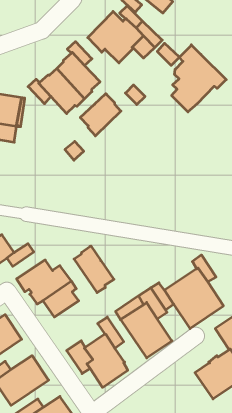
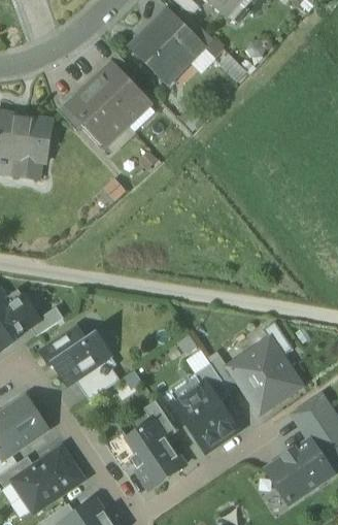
building: [172,45,226,112] -> none
building: [80,94,121,136] -> none
building: [74,246,114,293] -> none

